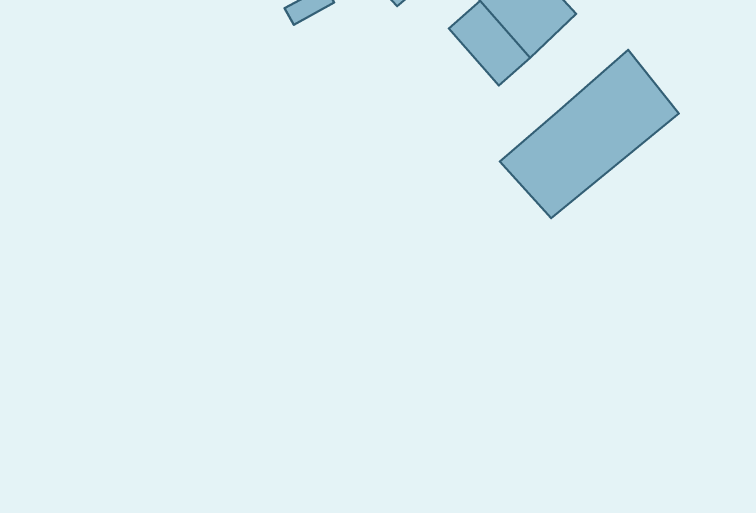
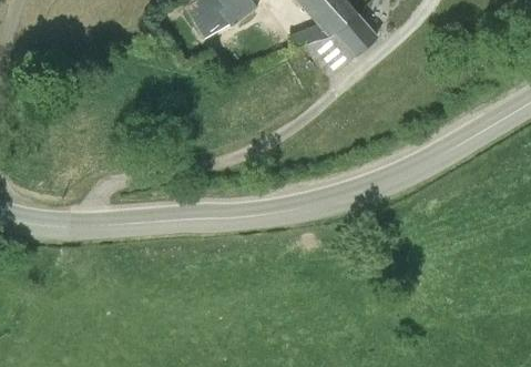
building: [500,50,679,218] -> none

